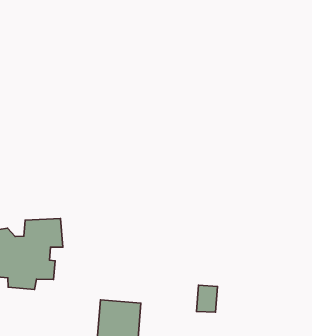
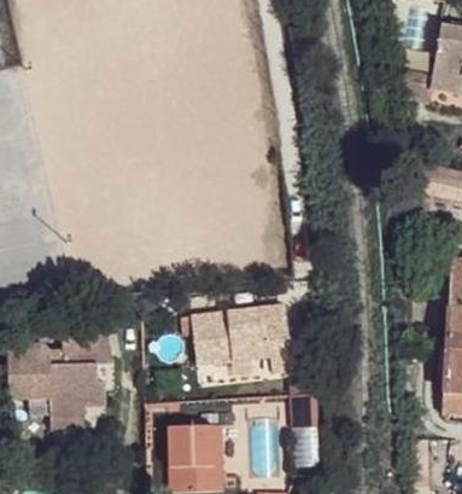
building: none -> [192,307,291,372]

